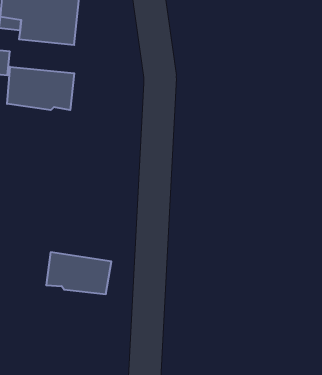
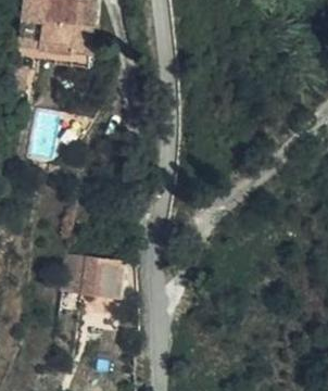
building: [7,67,74,110] -> none

